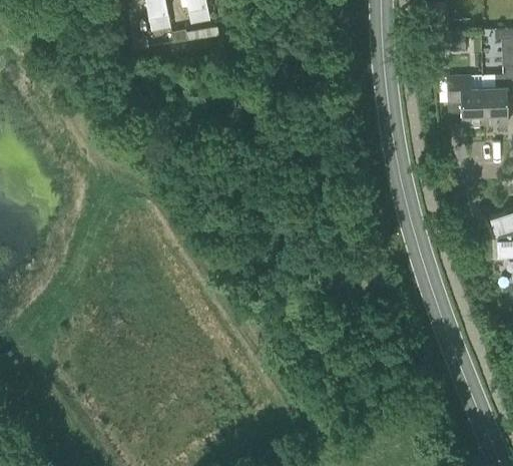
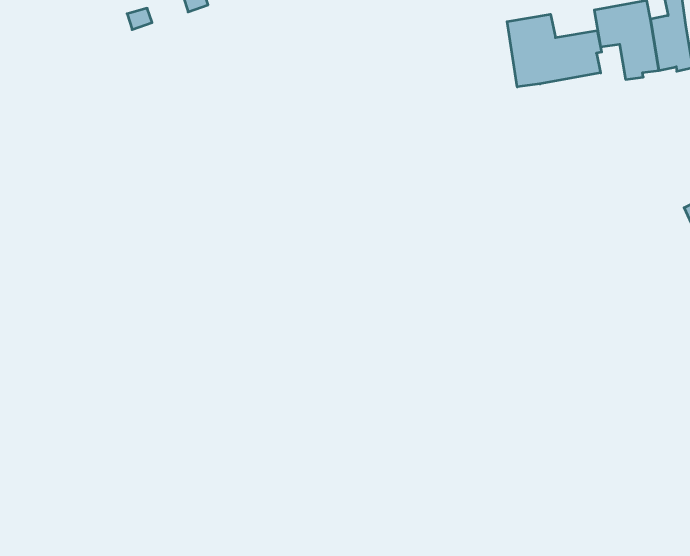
building: none -> [507,14,602,87]

